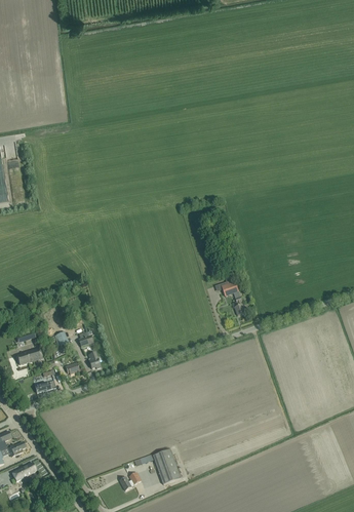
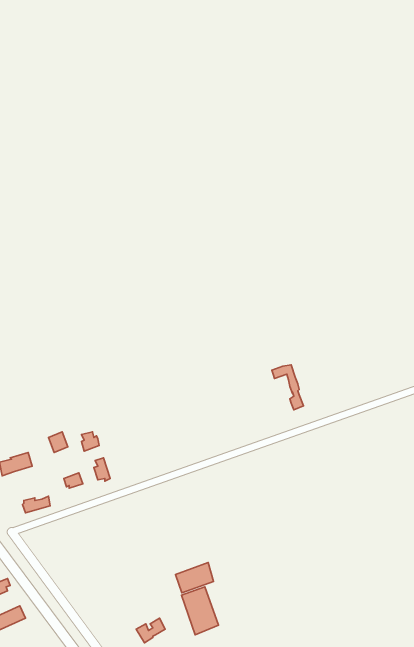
building: none -> [175,563,214,593]

